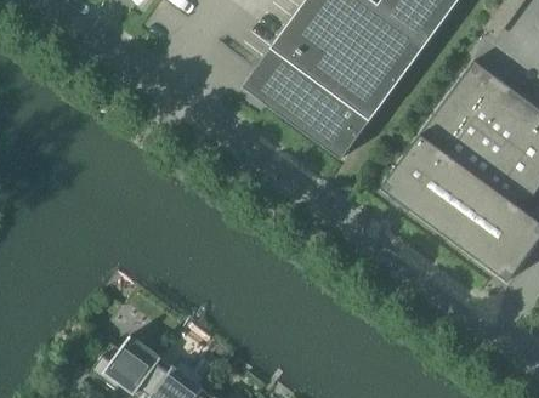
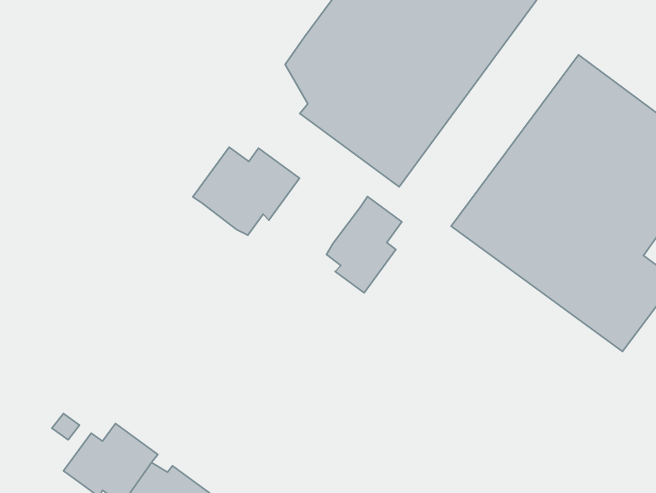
building: none -> [193,147,300,235]
building: none -> [326,197,402,293]

